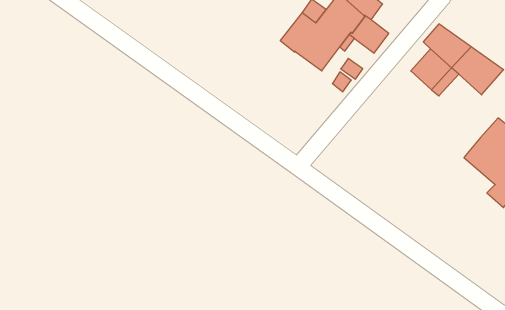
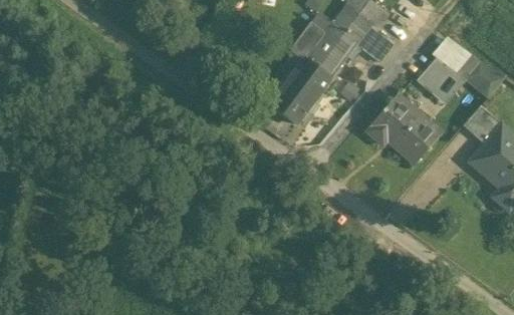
building: none -> [271,60,330,123]
building: none -> [366,94,438,162]
building: none -> [463,106,500,143]

